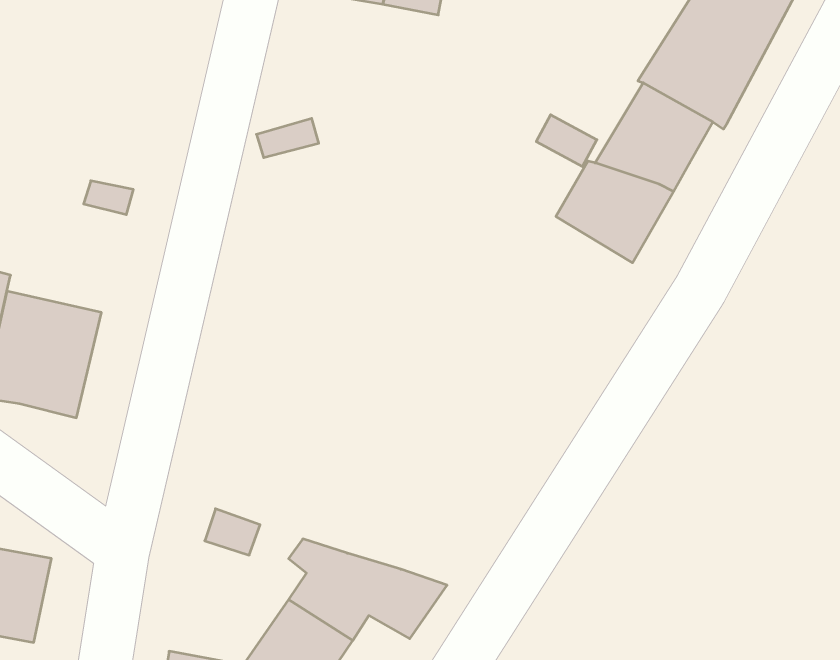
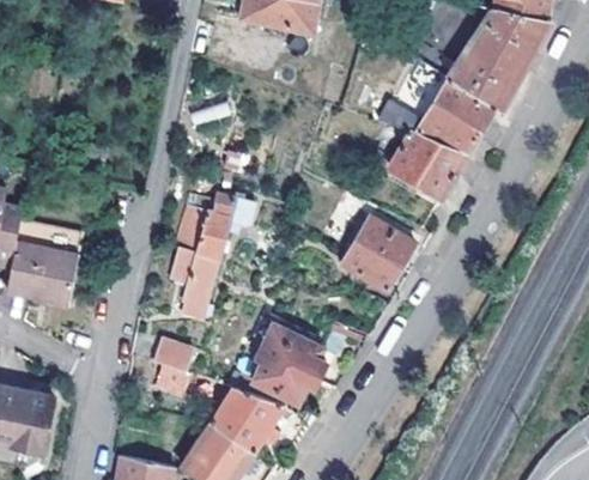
building: none -> [170,194,254,320]
building: none -> [336,212,414,287]
building: none -> [250,326,327,405]
building: none -> [153,336,205,376]

